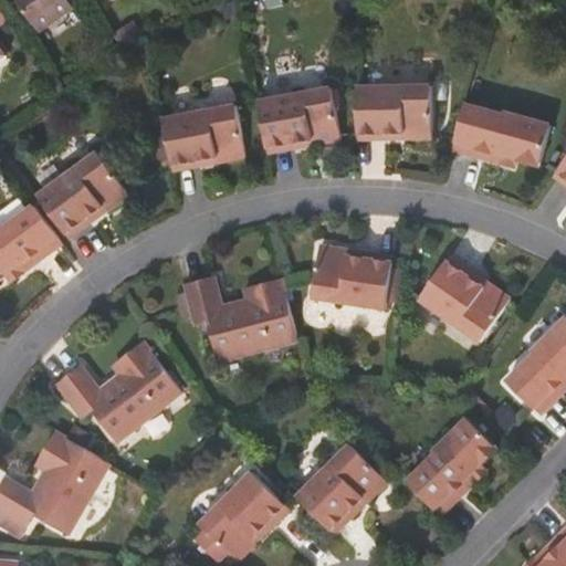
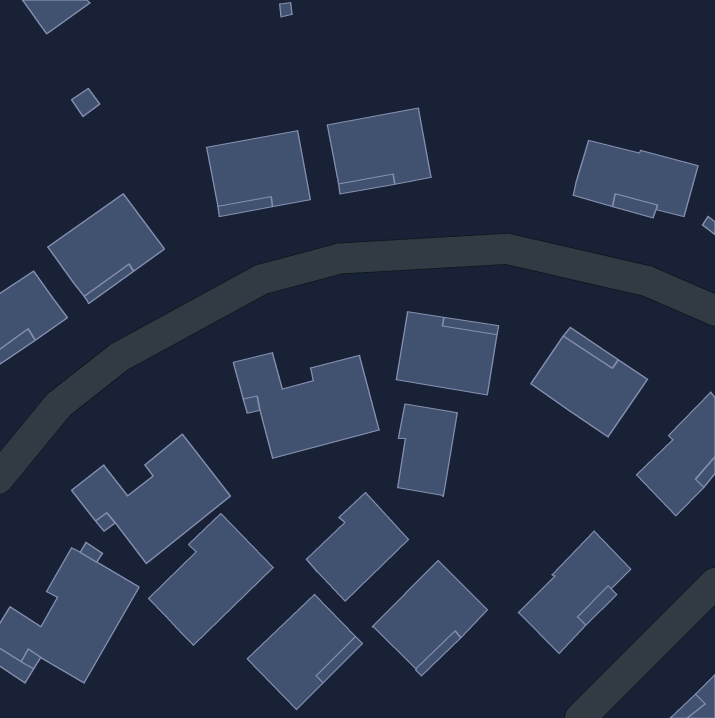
building: [357,84,431,139] -> none
building: none -> [398,404,457,496]
building: none -> [306,493,409,601]
building: none -> [149,514,273,645]

